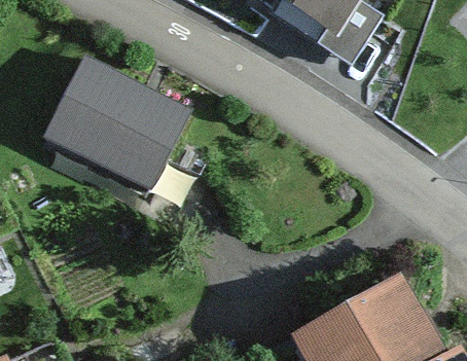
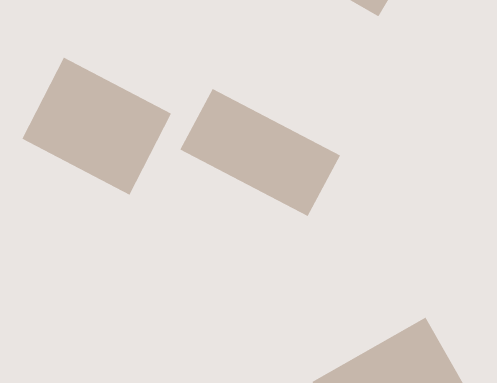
building: none -> [180,88,341,217]

